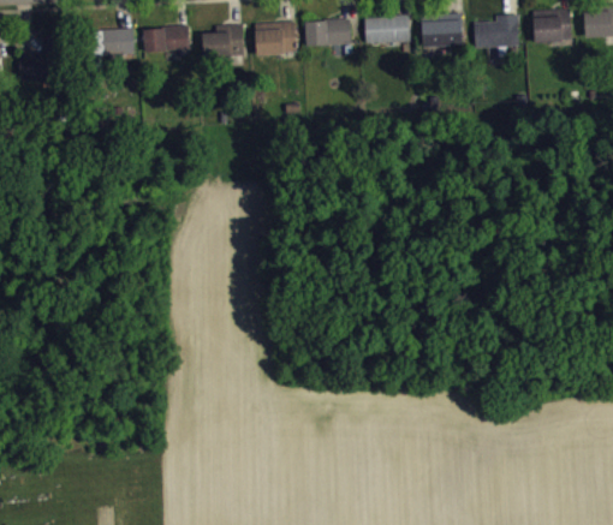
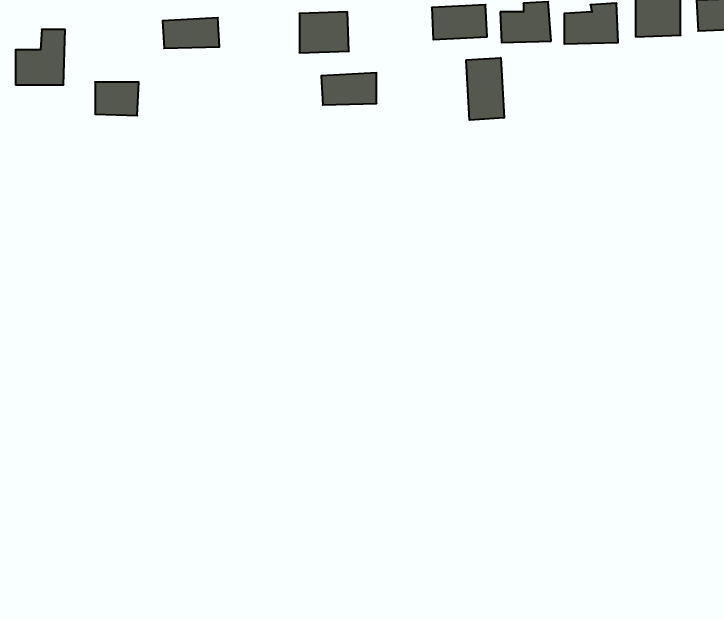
building: [305,19,351,46] -> [321,73,377,105]
building: [203,25,244,58] -> none
building: [99,29,135,56] -> [95,82,139,116]
building: none -> [466,58,504,120]

